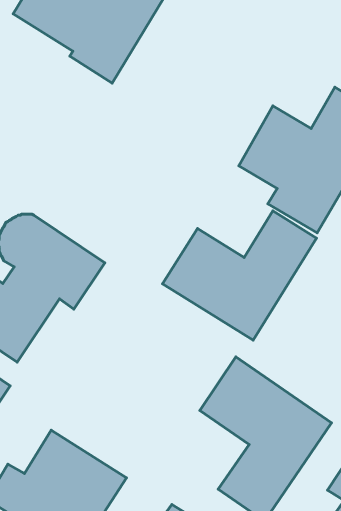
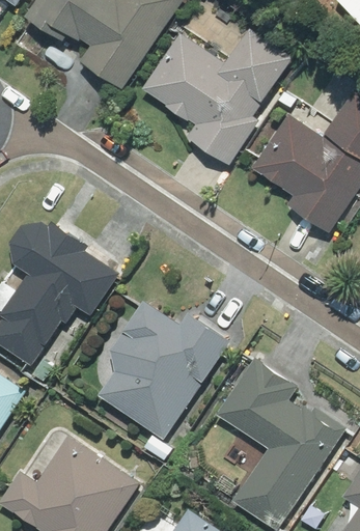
building: none -> [143,30,293,164]
building: [162,211,317,340] -> none
building: none -> [99,300,230,439]

